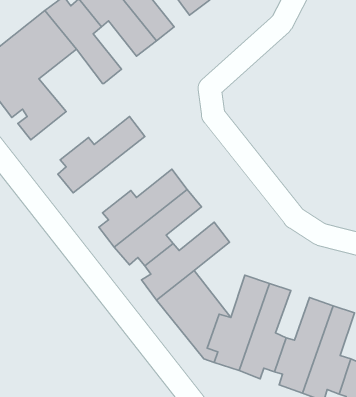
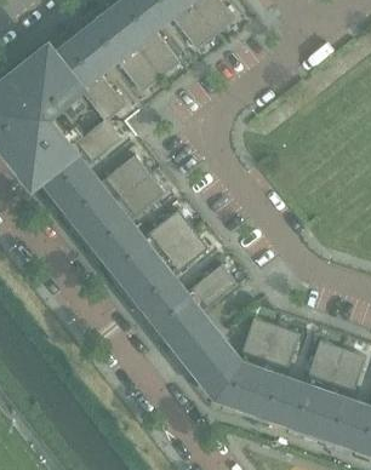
building: none -> [33,120,122,199]
building: none -> [76,174,166,253]

